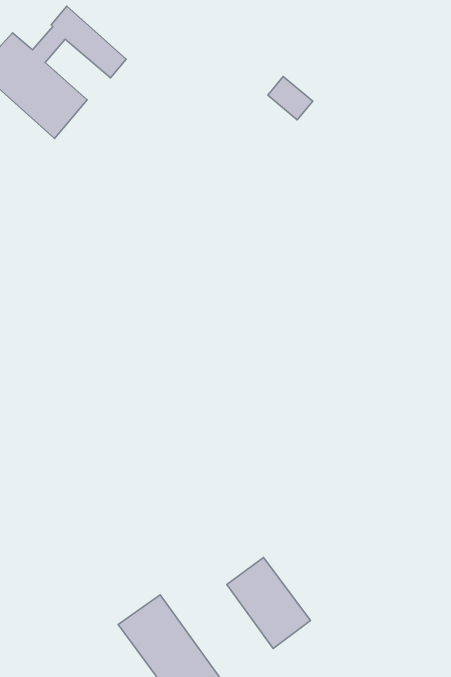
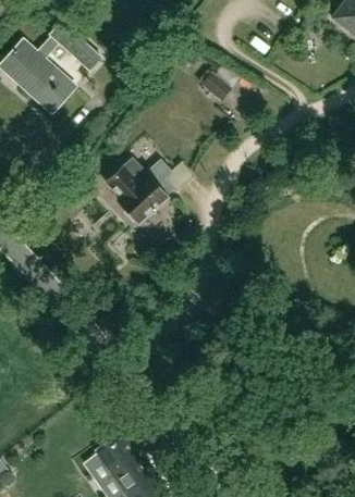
building: none -> [105,159,171,225]
building: [227,558,310,649] -> none

